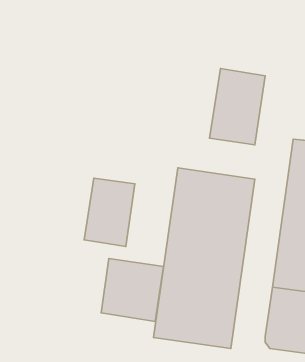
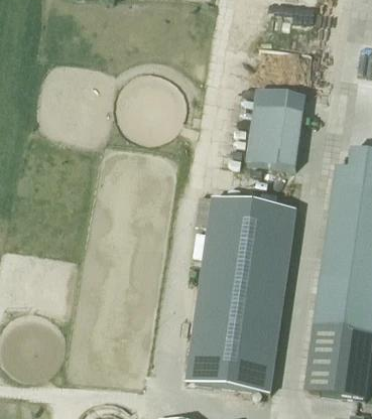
building: [84,178,135,246] -> none
building: [101,259,164,322] -> none

